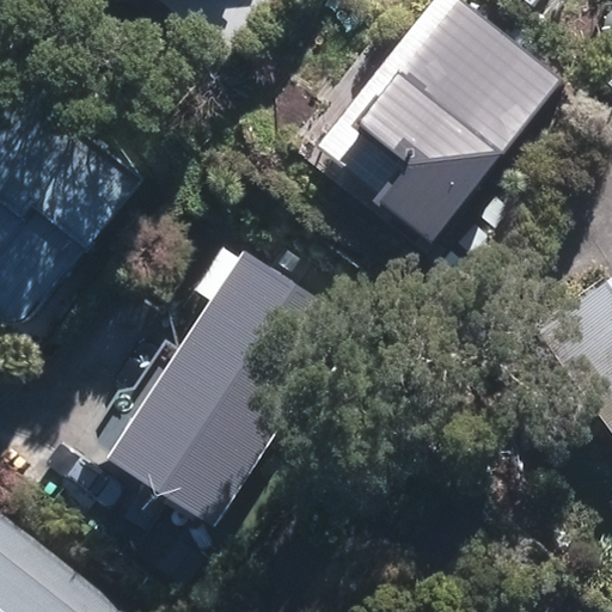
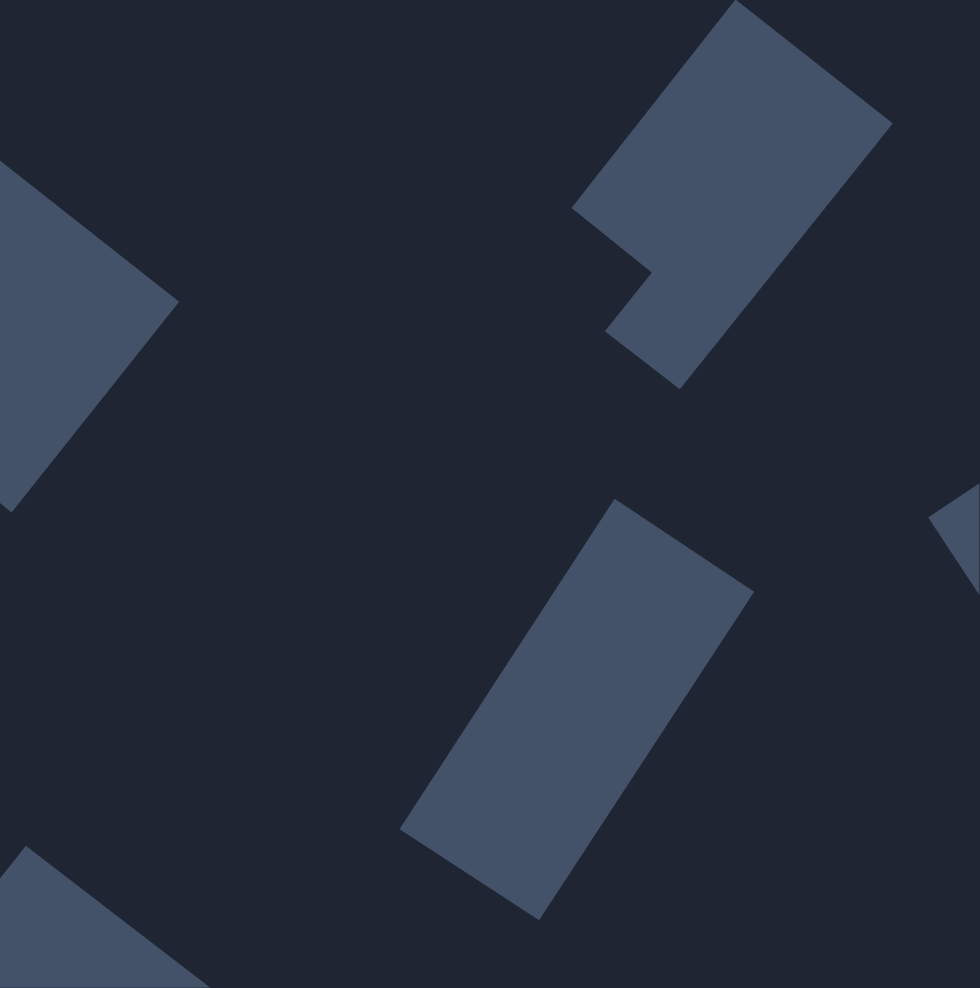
building: [109,261,326,519] -> [398,498,755,921]

